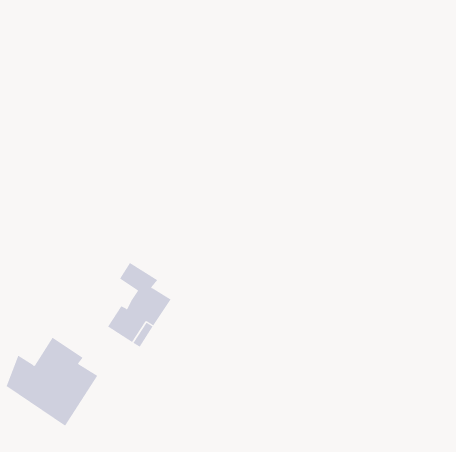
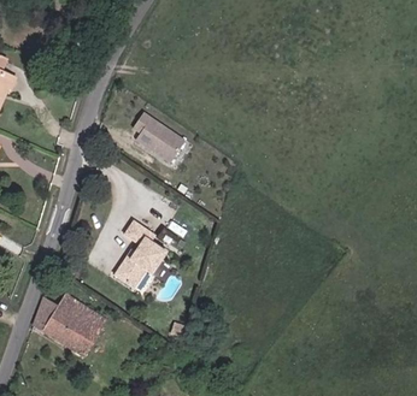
building: none -> [130,116,182,164]

